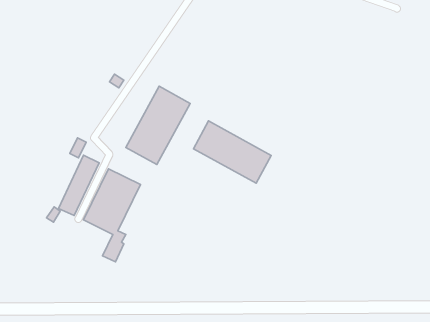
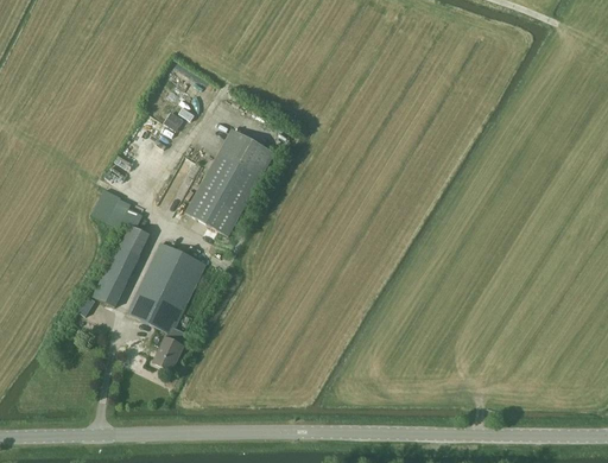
building: [193,121,271,183] -> none

